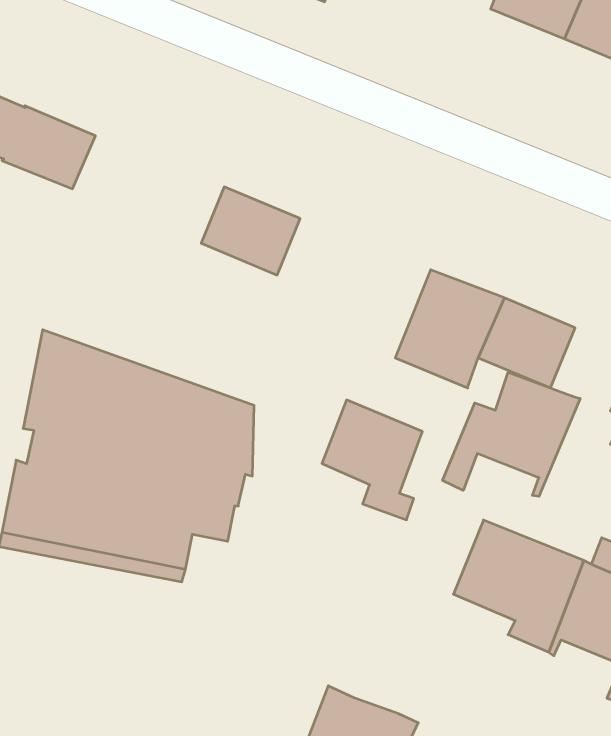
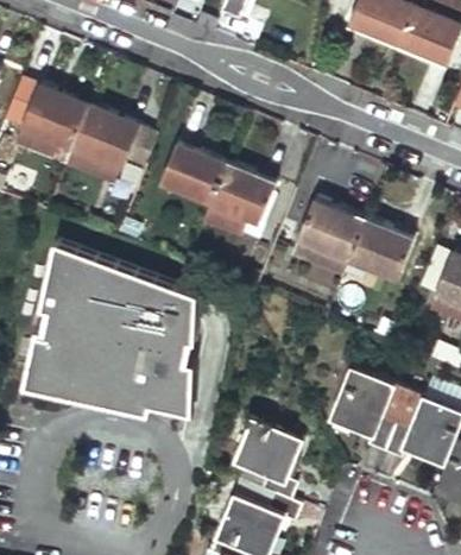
building: none -> [71,111,154,172]
building: none -> [206,166,273,241]
building: [443,372,580,496] -> none
building: [322,400,422,520] -> [234,420,302,500]
building: none -> [147,360,191,411]

